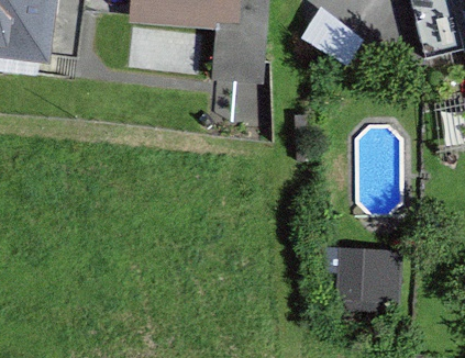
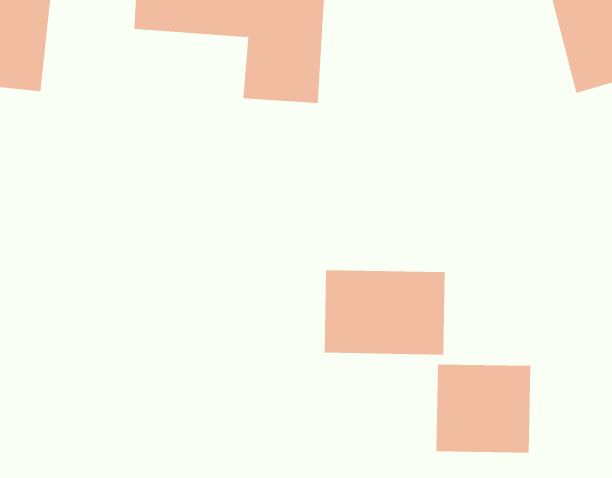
building: none -> [324,269,445,355]

